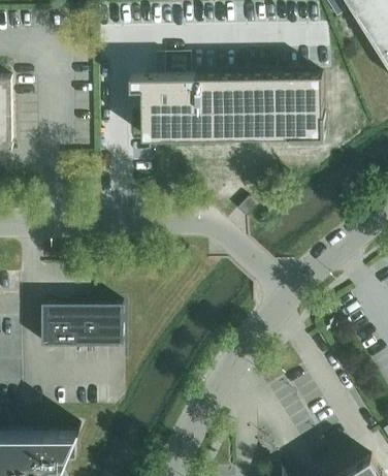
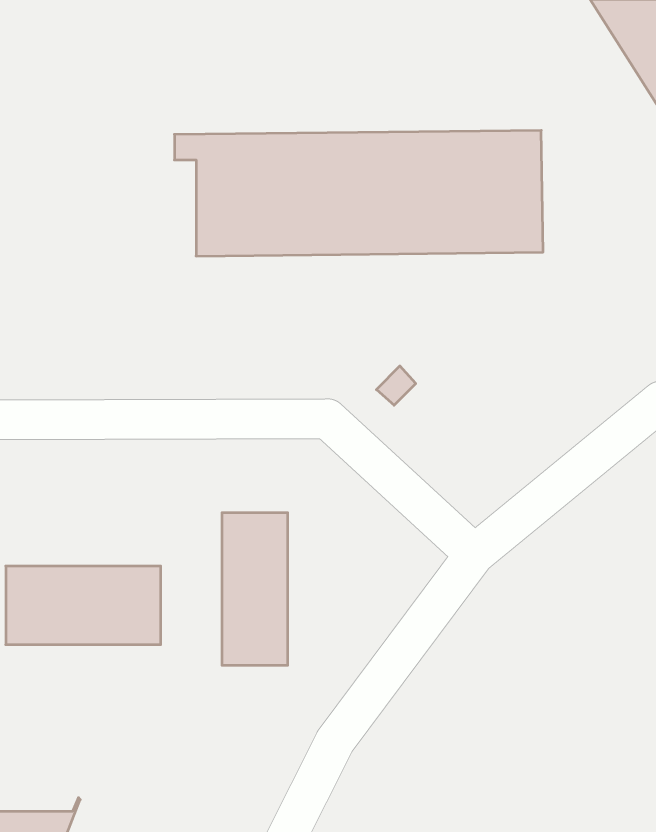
building: none -> [222,513,288,665]

